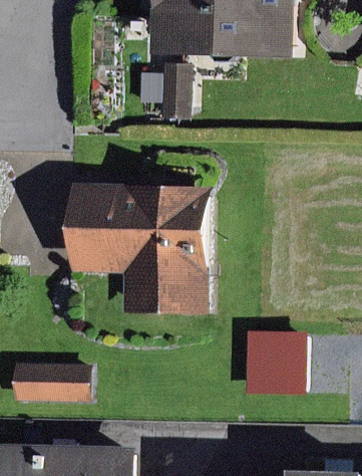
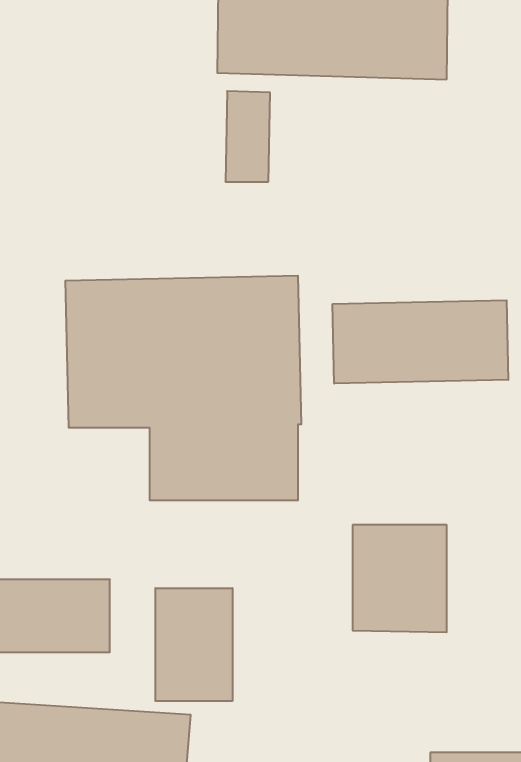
building: none -> [333,300,508,384]
building: none -> [155,588,232,701]

